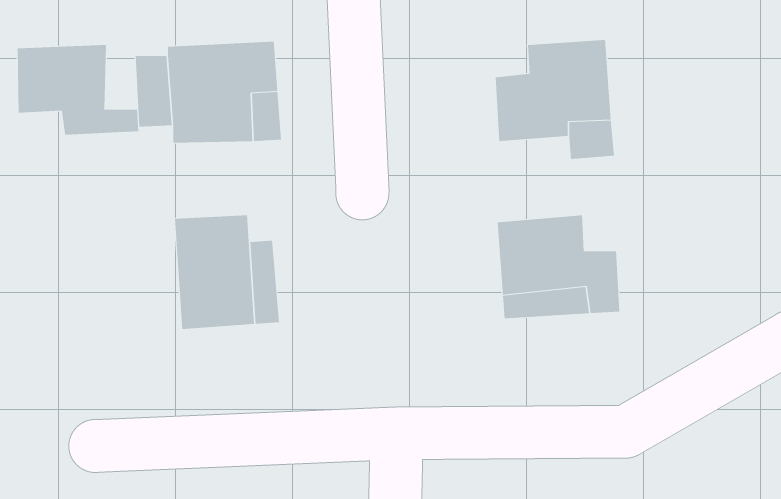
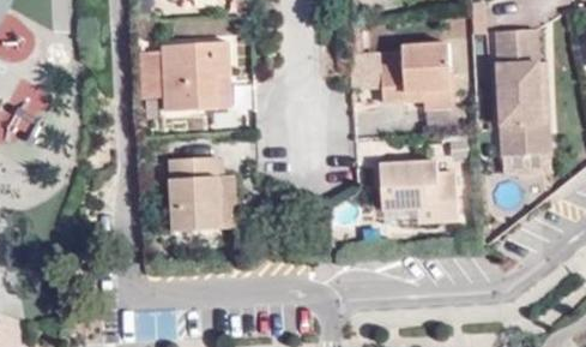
building: none -> [491,29,550,158]
building: [17,44,139,136] -> none

